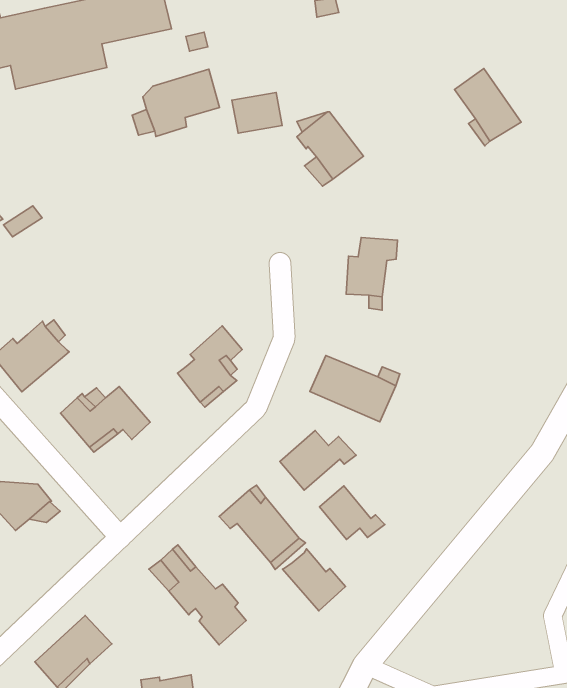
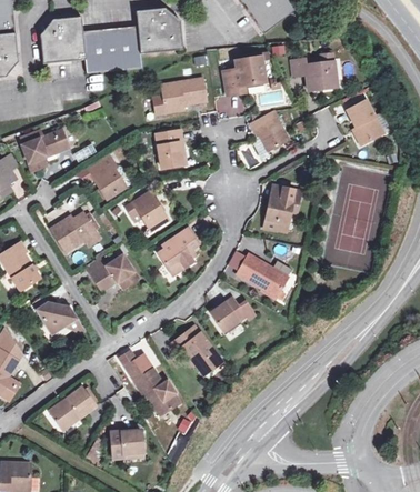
building: none -> [290,56,334,86]
building: none -> [221,57,261,93]
building: none -> [156,129,182,167]
building: none -> [88,155,126,199]
building: none -> [127,192,169,231]
building: [319,486,385,539] -> none
building: [283,549,345,611] -> none

